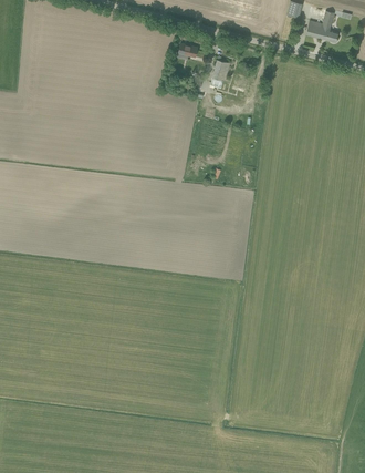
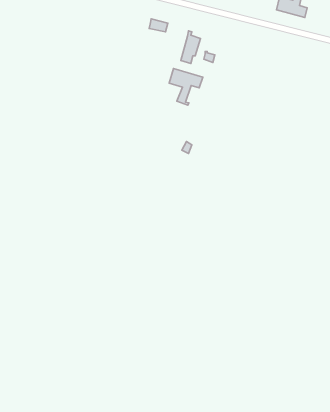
building: none -> [169,69,203,105]

